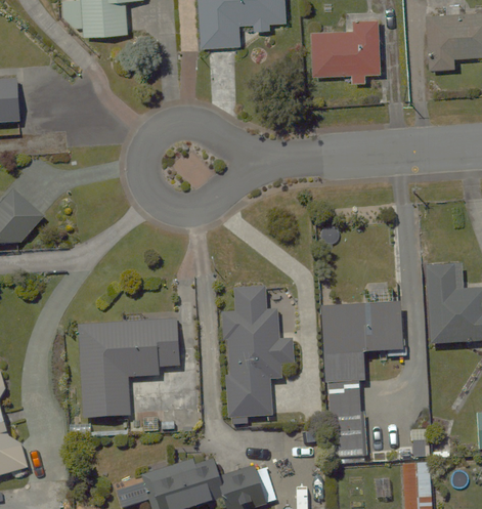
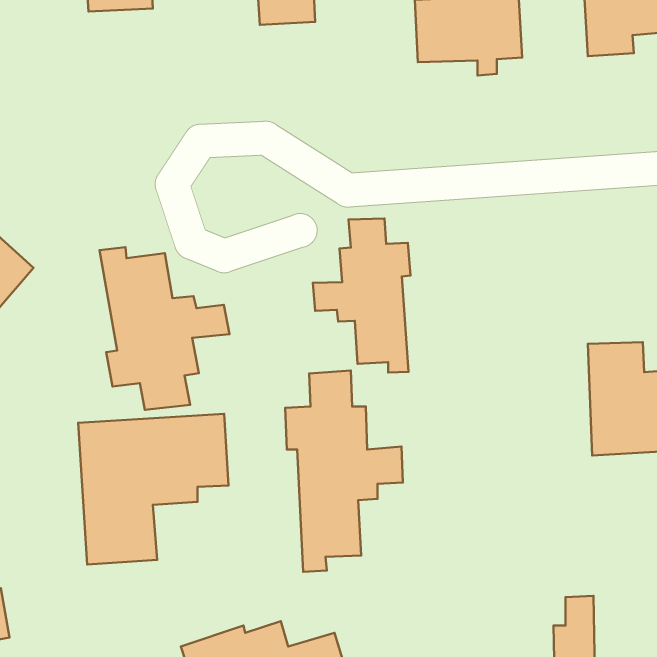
building: none -> [313,218,411,373]
building: none -> [100,247,229,410]
building: [319,303,402,459] -> none

